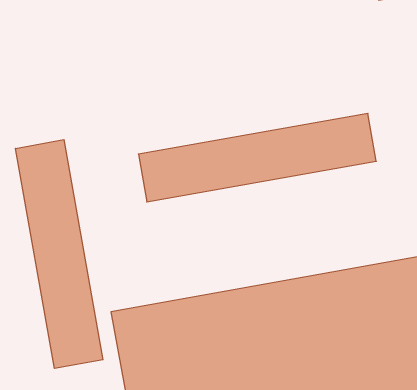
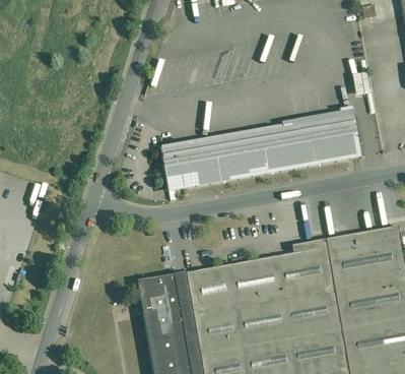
building: [15,140,103,368] -> none

